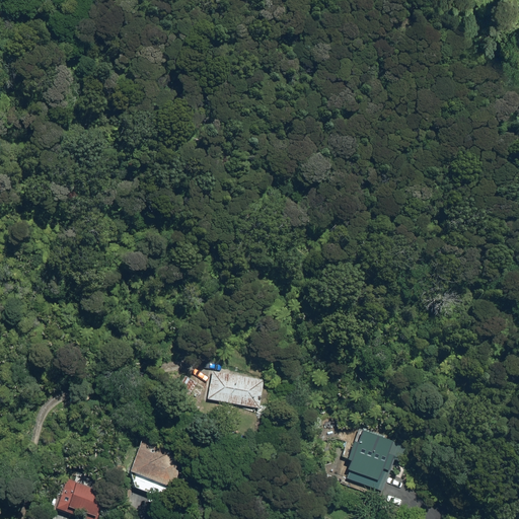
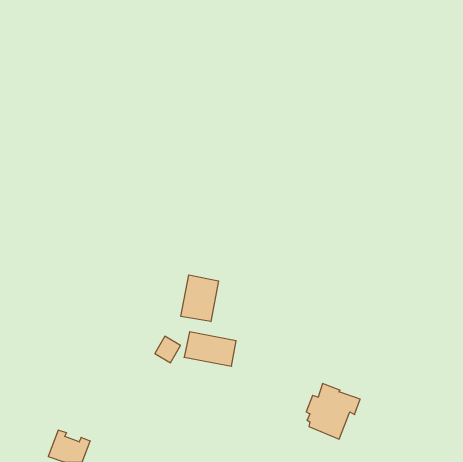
building: none -> [181,275,219,322]
building: [128,443,180,491] -> none

